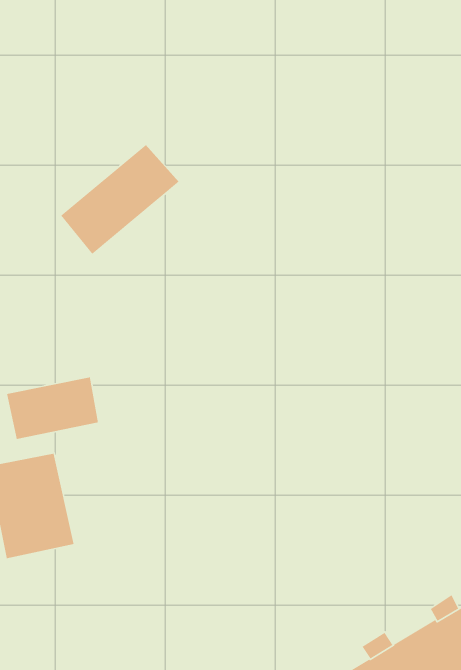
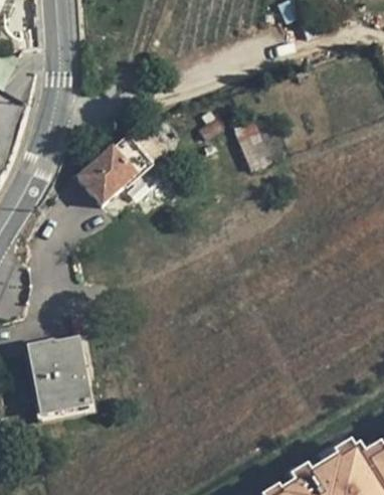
building: none -> [236,121,266,169]
building: [6,376,99,440] -> none

